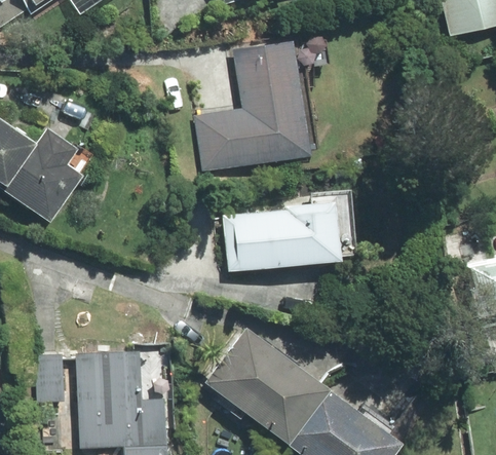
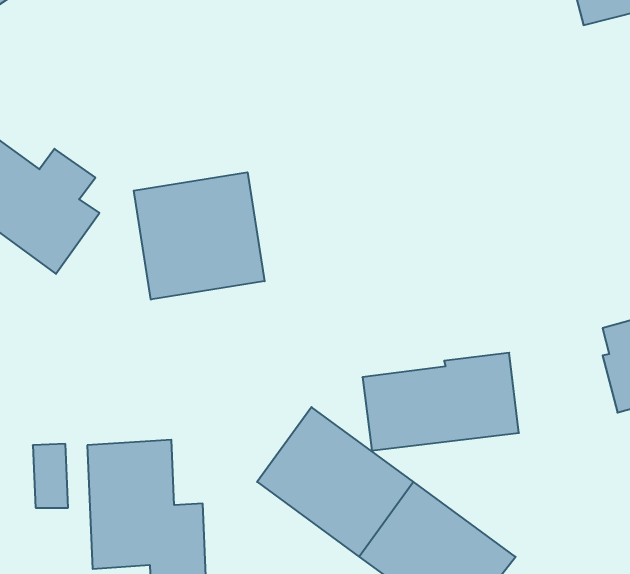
building: [195,39,311,172] -> none
building: none -> [134,172,265,300]
building: [222,196,340,270] -> [362,353,519,451]

